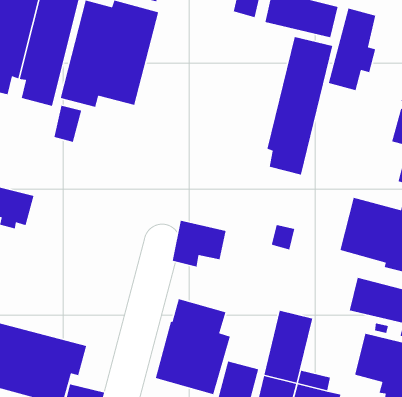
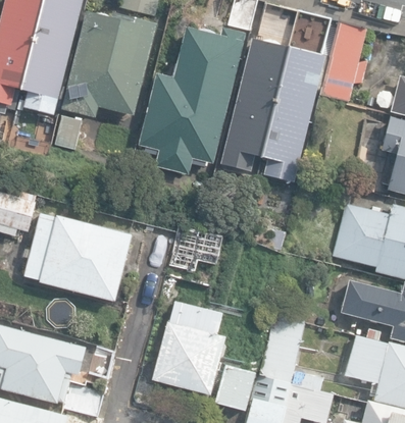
building: none -> [138,28,245,174]
building: none -> [220,39,287,171]
building: none -> [23,215,131,301]

